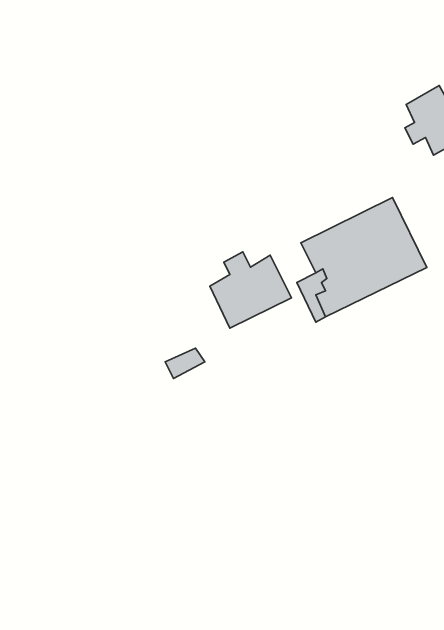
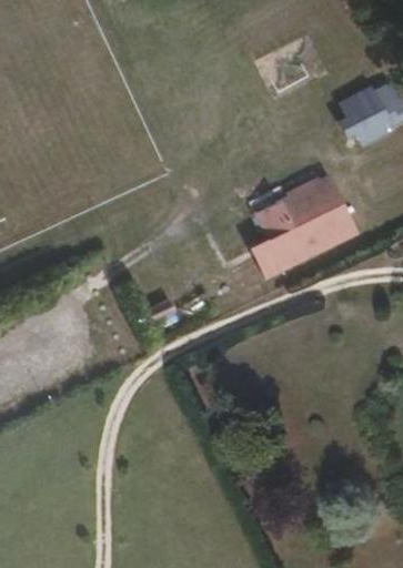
building: [210,252,291,328] -> none

